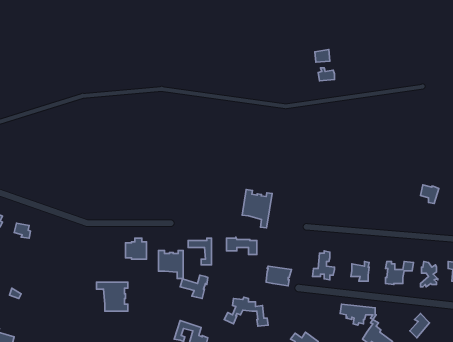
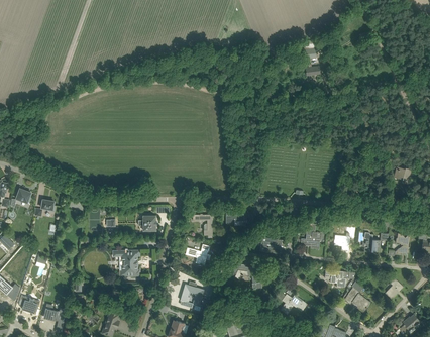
building: [242,190,272,228] -> none
building: [159,250,183,278] -> none

